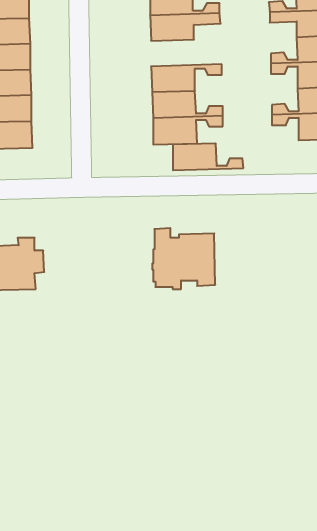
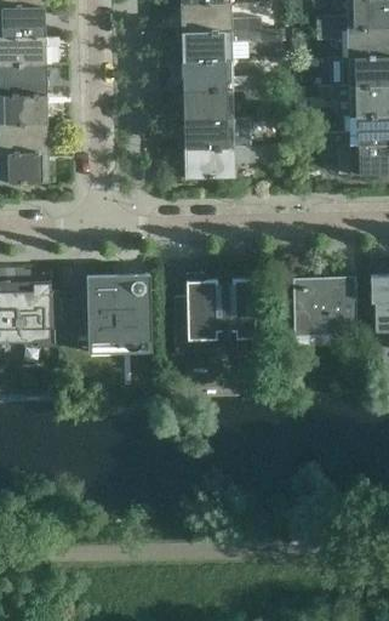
building: [173,143,243,170] -> [183,58,263,89]
building: none -> [73,273,151,352]
building: none -> [293,275,357,337]

